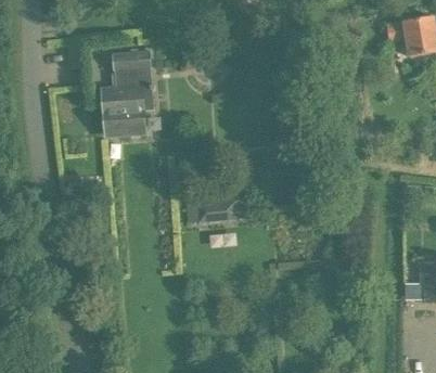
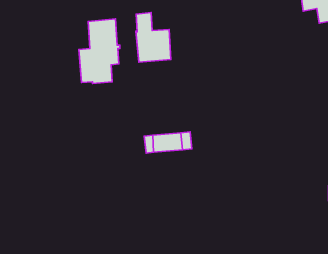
building: none -> [136,12,171,62]

